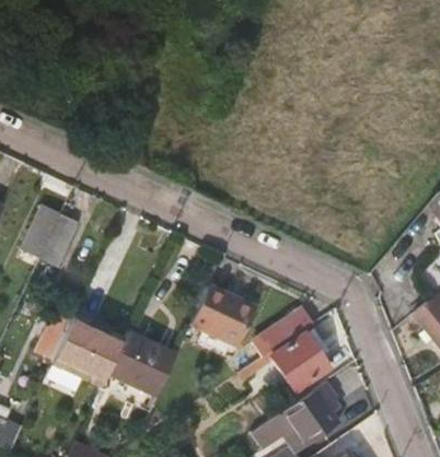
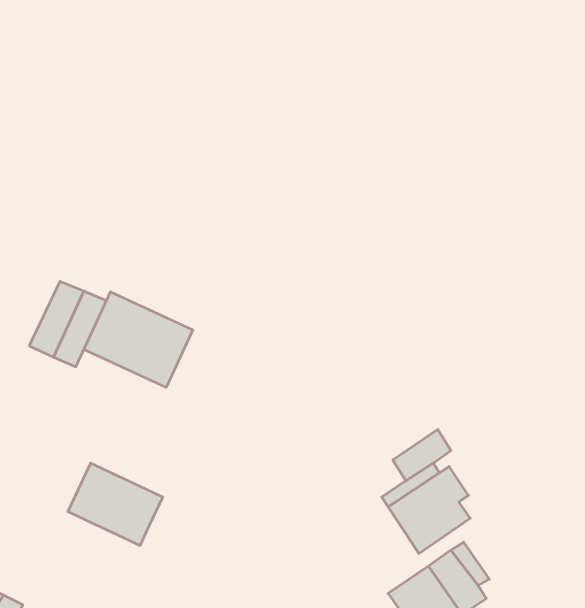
building: none -> [84,292,193,387]
building: [192,283,257,345] -> none
building: [108,330,177,395] -> none

